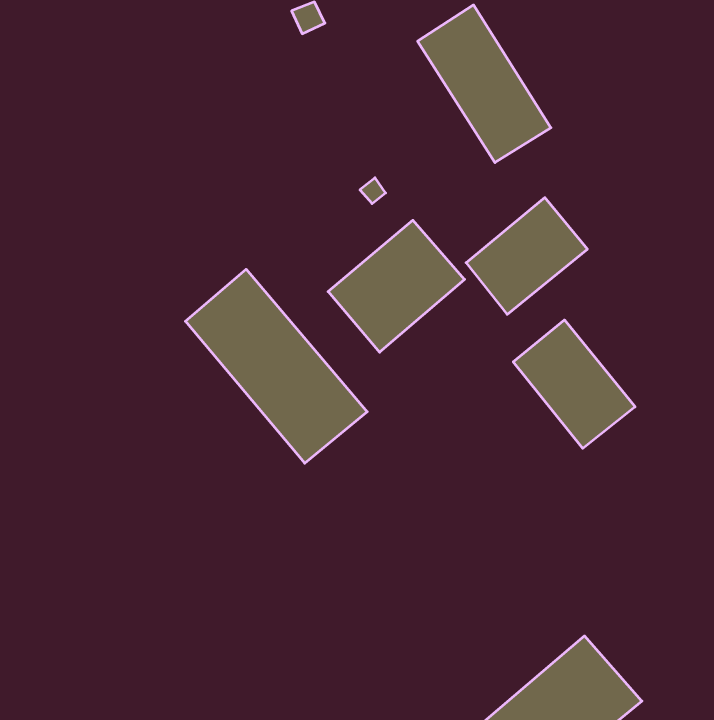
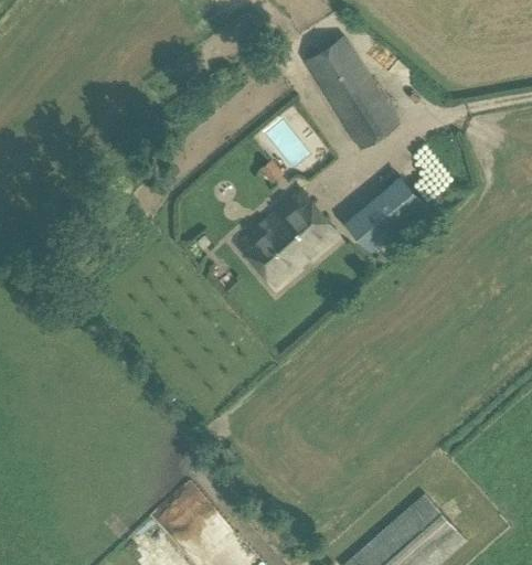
building: [185,269,367,463] -> none
building: [513,320,635,448] -> none

